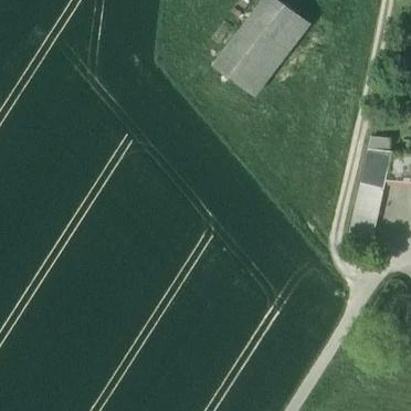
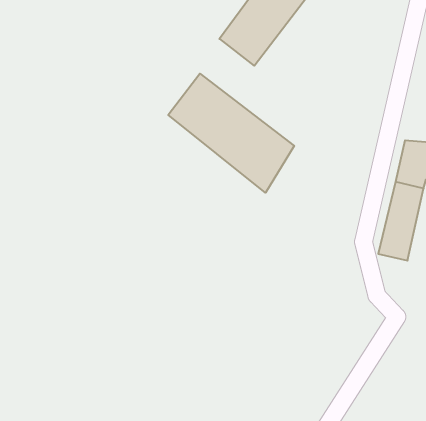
building: none -> [168,74,294,193]

